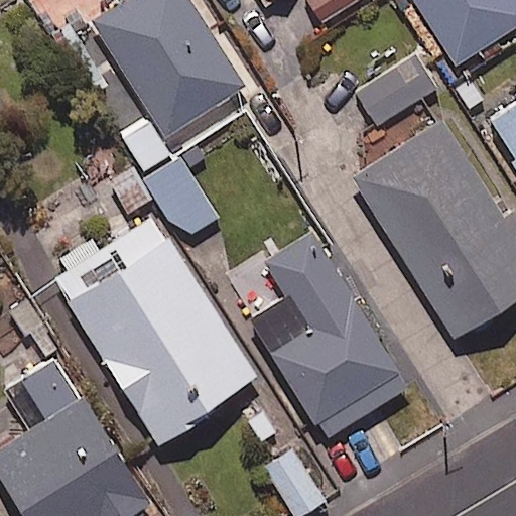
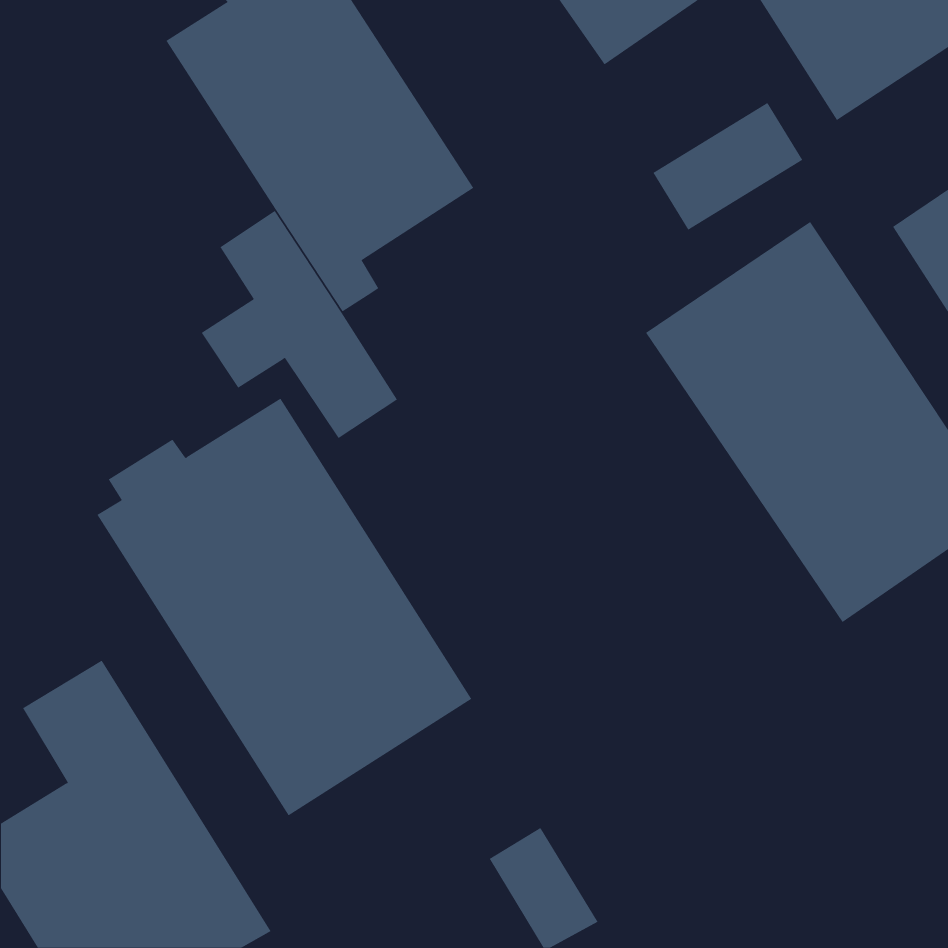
building: [223,232,409,438] -> none

